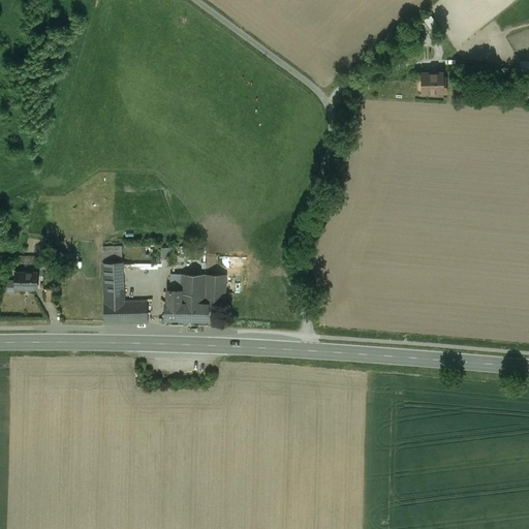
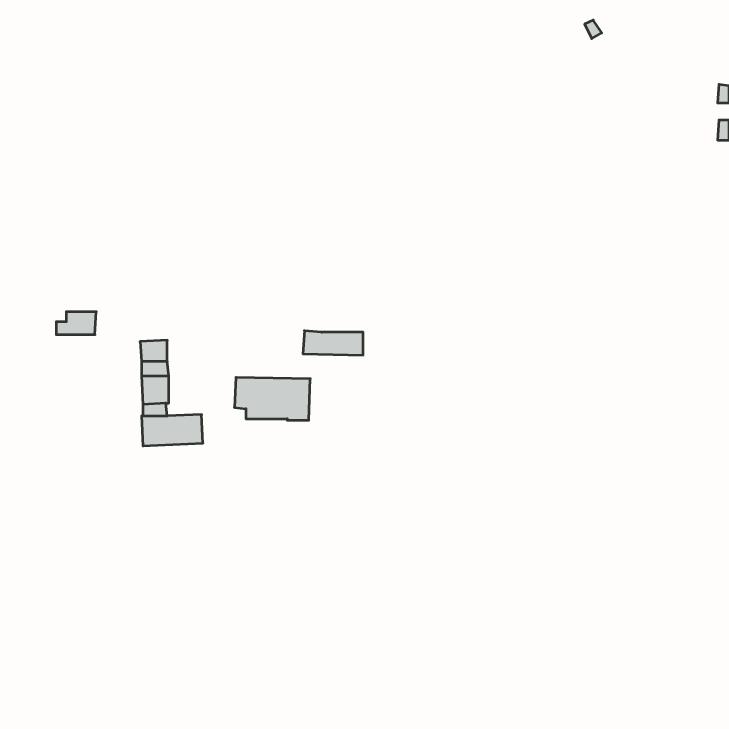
building: [422,72,445,94] -> none
building: [7,272,36,288] -> [56,312,96,335]
building: [164,302,208,319] -> [303,331,363,355]

